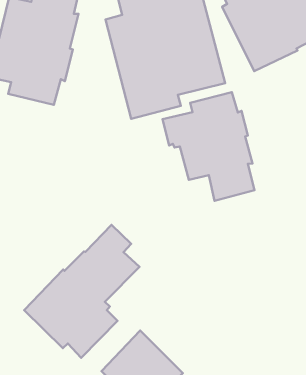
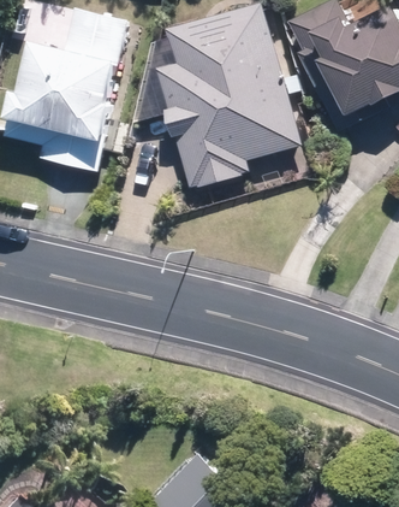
building: [163,92,254,201] -> none
building: [24,225,139,358] -> none

